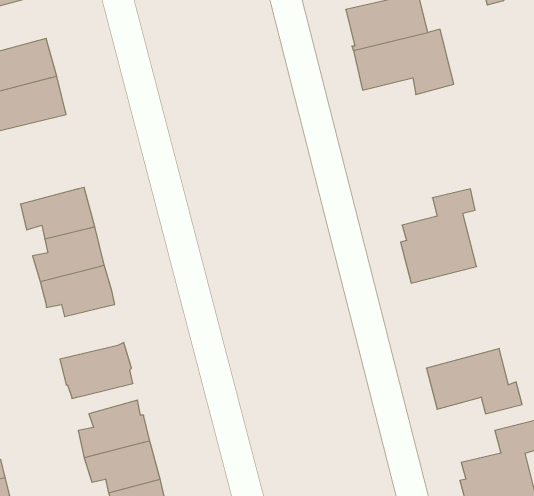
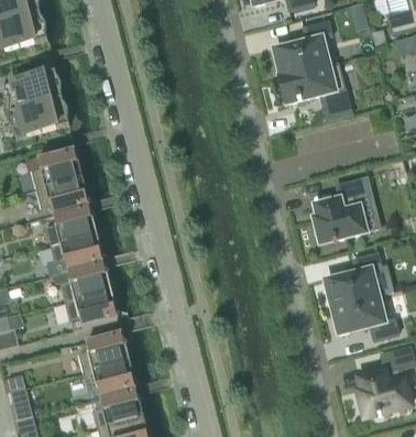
building: none -> [31,146,83,187]
building: none -> [322,250,383,306]
building: none -> [61,260,111,299]

